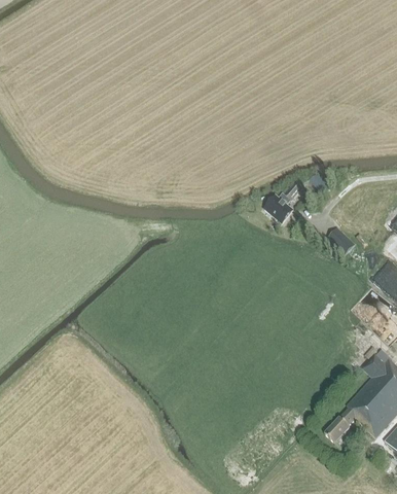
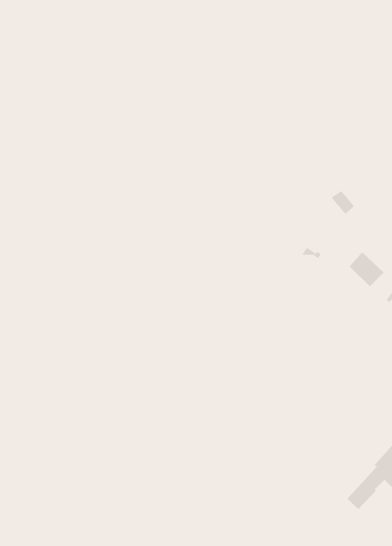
building: [264,178,305,217] -> none

